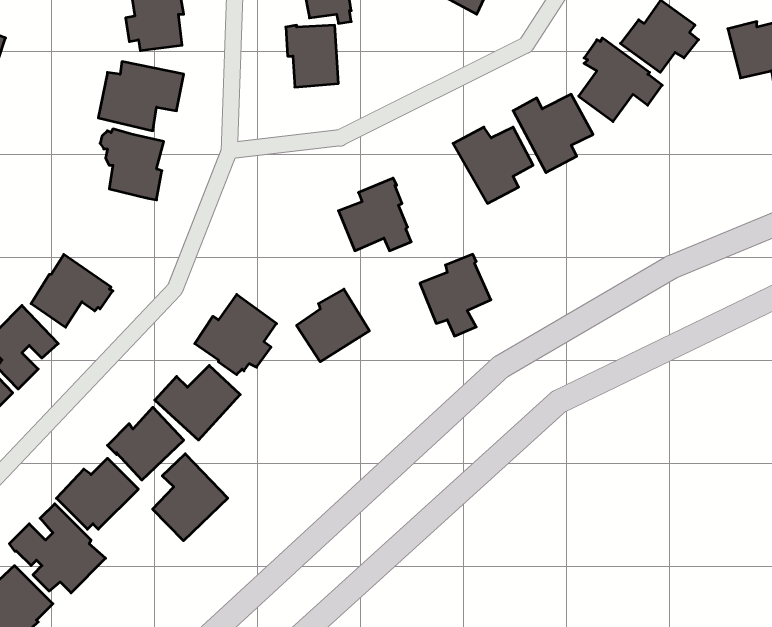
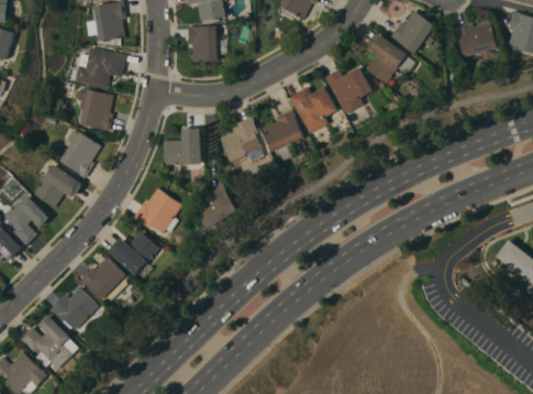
building: none -> [164,128,201,165]
building: none -> [59,130,101,178]
building: [420,254,491,336] -> [260,110,303,160]
building: [153,454,228,541] -> none

